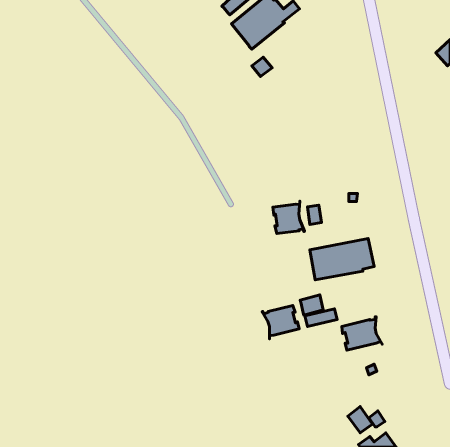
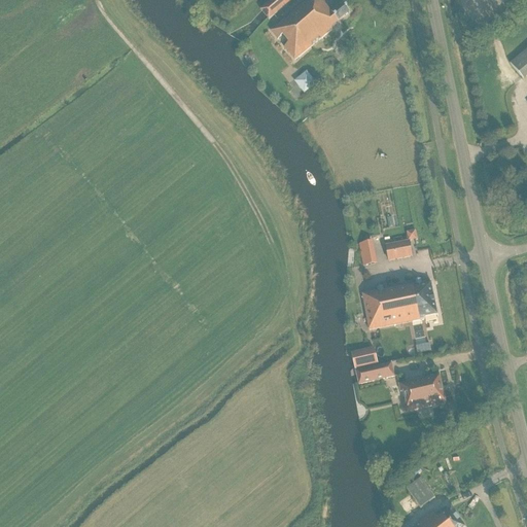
building: [273,201,304,233] -> none
building: none -> [385,239,413,259]
building: [262,305,299,339] -> none

